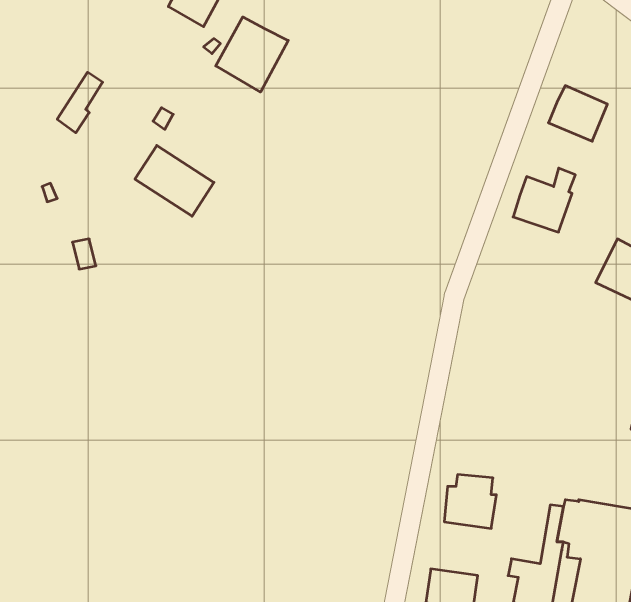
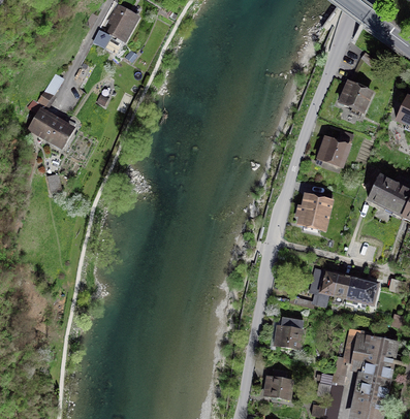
building: [216,17,288,92] -> none
building: [135,145,214,216] -> [28,106,76,150]
building: none -> [295,194,334,232]
building: none -> [289,266,380,317]

